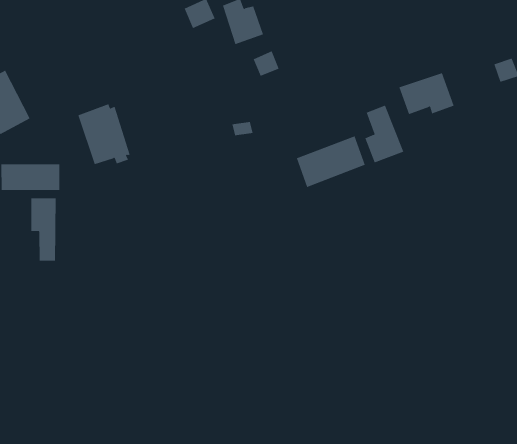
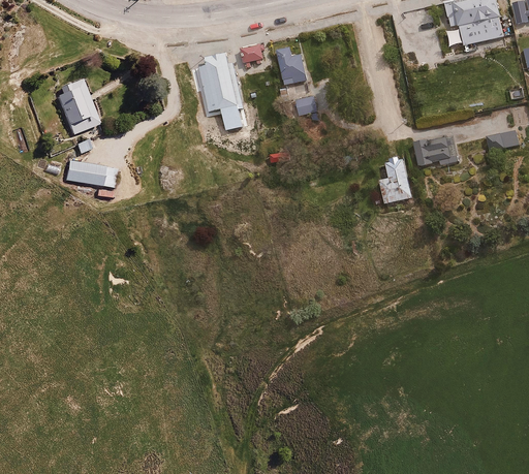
building: [78,103,131,165] -> [201,61,242,114]
building: [296,135,366,188] -> none
building: [31,198,56,261] -> none

